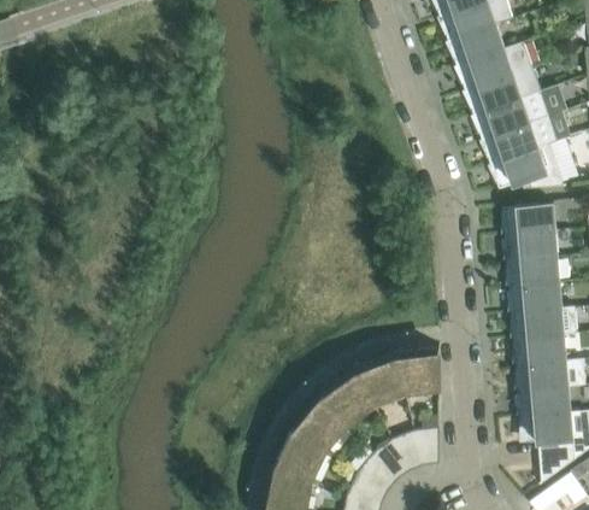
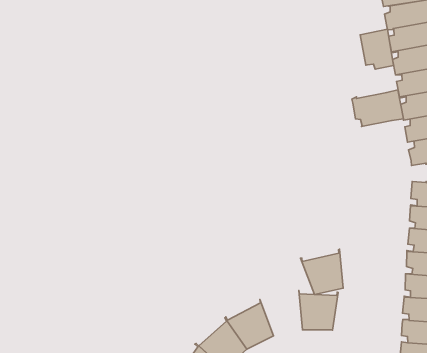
building: none -> [360,29,394,69]
building: none -> [352,90,403,127]
building: [353,352,406,408] -> [301,249,343,294]

